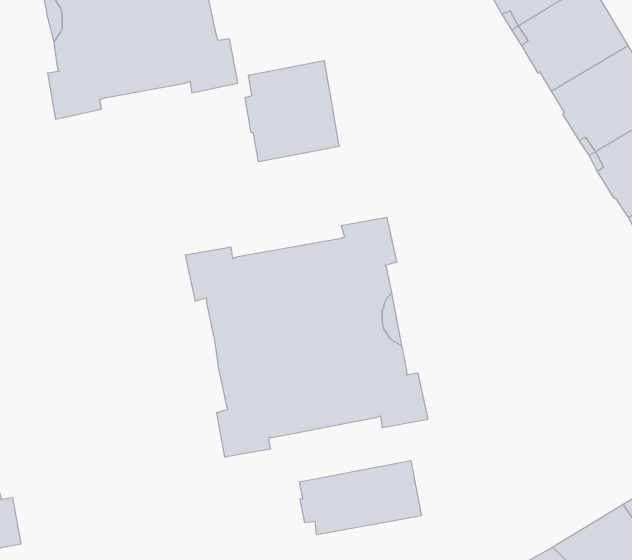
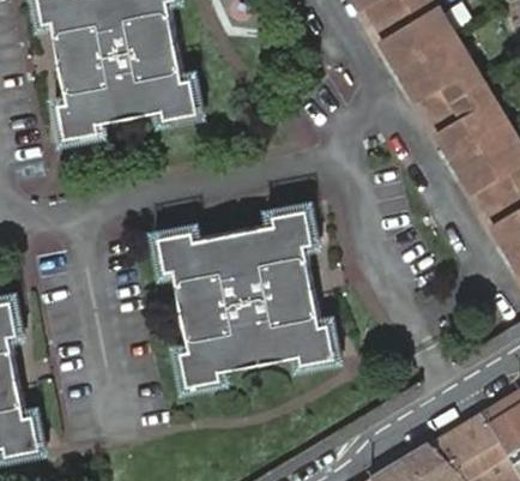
building: [245,60,339,162] -> none
building: [299,461,422,535] -> none

